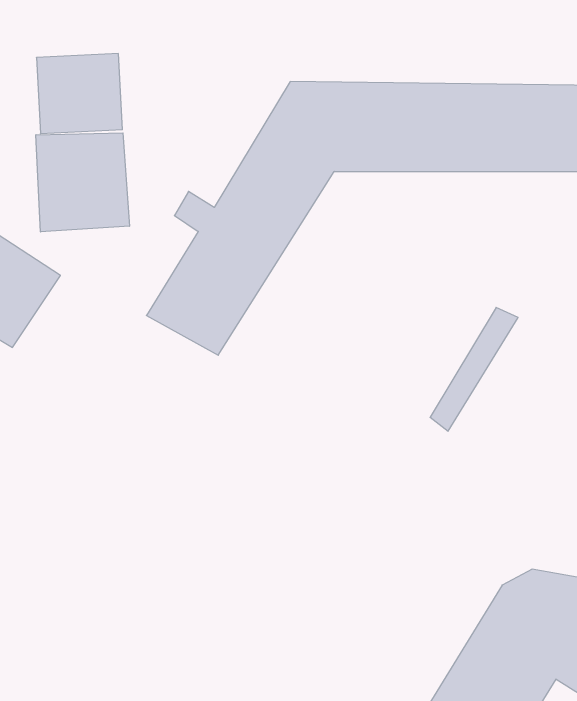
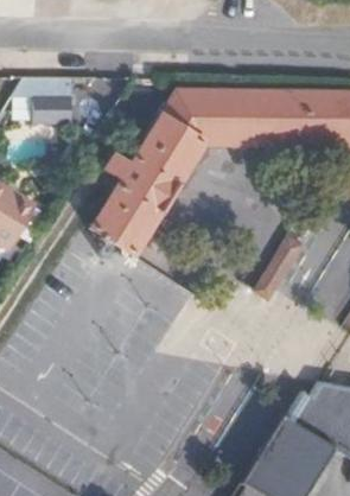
building: [36,133,129,232] -> none

